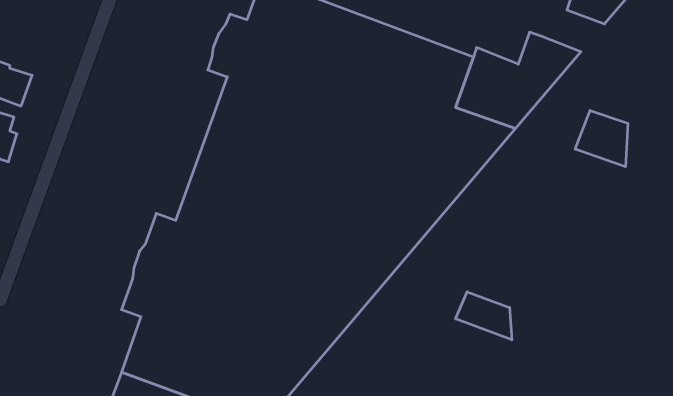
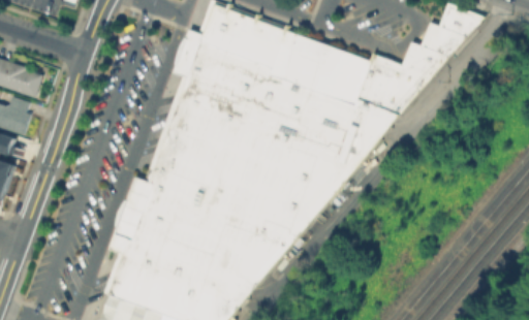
building: none -> [421,23,467,57]
building: [575,110,628,167] -> none
building: [456,292,512,340] -> none

